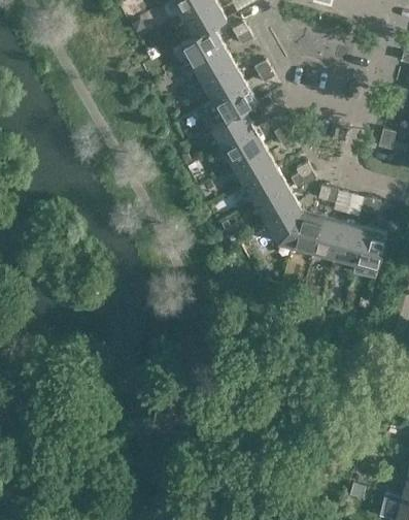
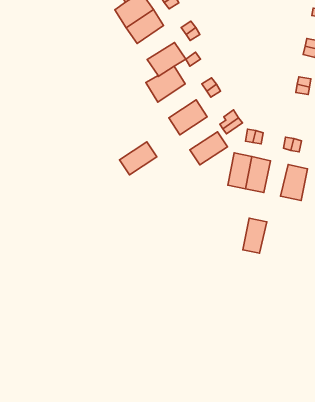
building: [203,65,245,102] -> none
building: [223,132,266,169] -> none
building: [245,170,287,206] -> [119,142,157,175]
building: [266,205,305,249] -> none
building: [336,224,365,264] -> [243,218,267,253]

